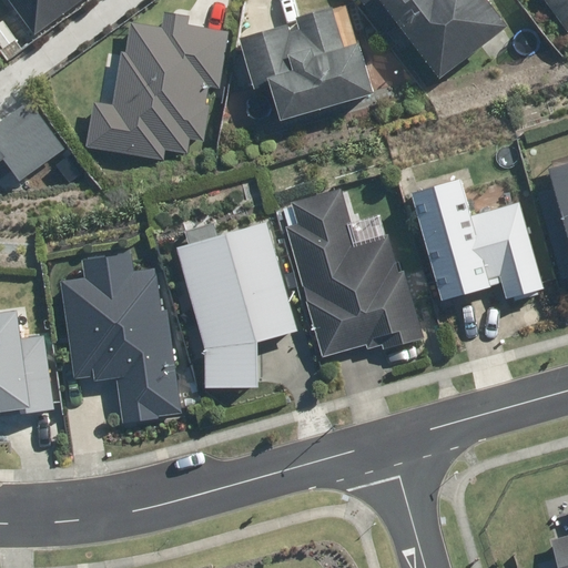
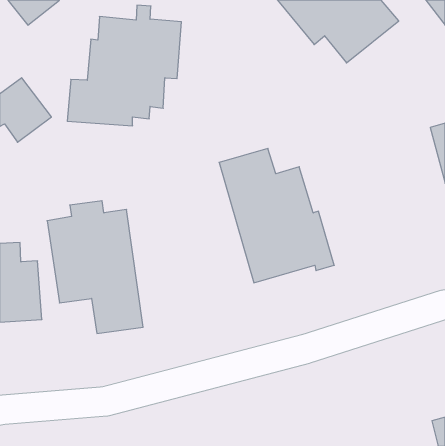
building: [240,7,374,118] -> none
building: [409,174,544,301] -> none
building: [176,220,296,388] -> none

